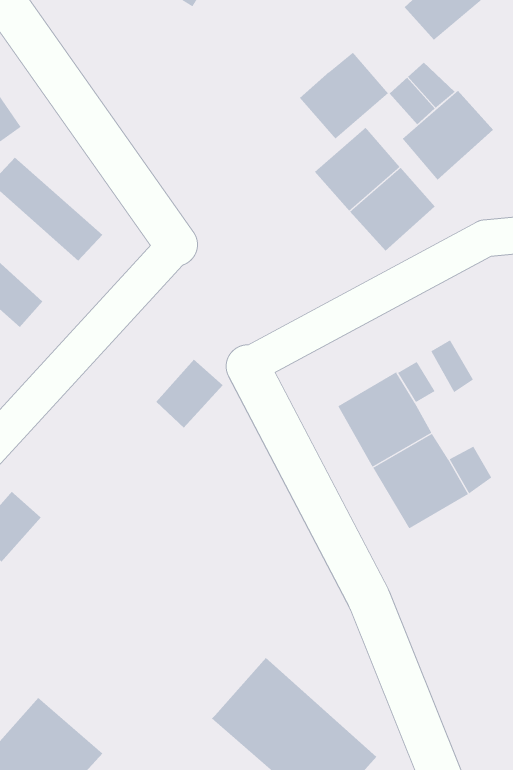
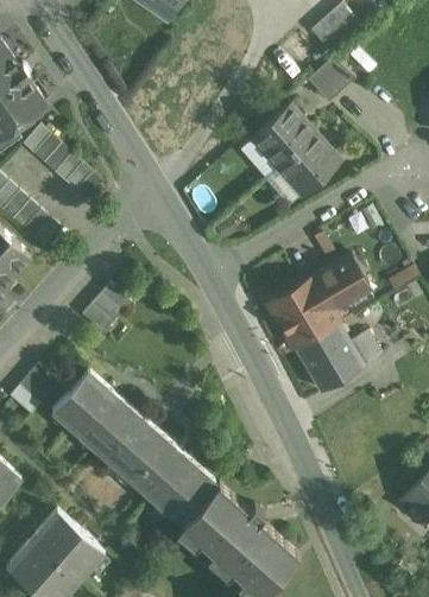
building: [299,52,389,139] -> none
building: [402,90,494,180] -> none
building: [155,359,224,428] -> [81,284,130,334]
building: none -> [52,371,215,525]

